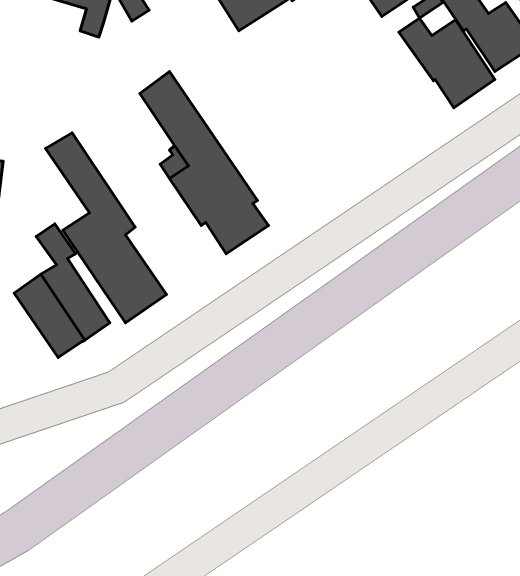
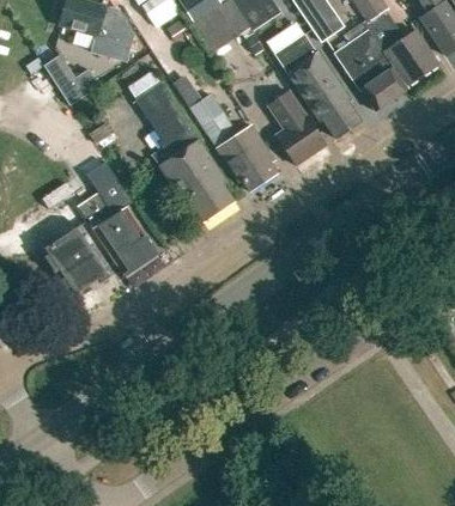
building: none -> [274,33,362,138]
building: none -> [44,51,99,103]
building: none -> [175,75,278,190]
building: none -> [268,90,326,164]

